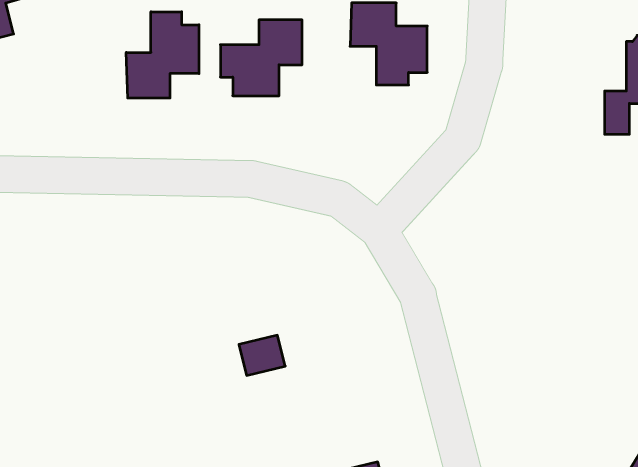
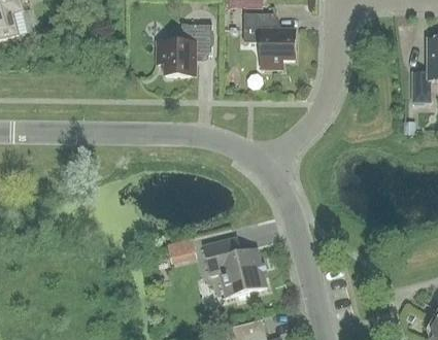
building: [126,12,199,98] -> none
building: none -> [203,237,267,296]

